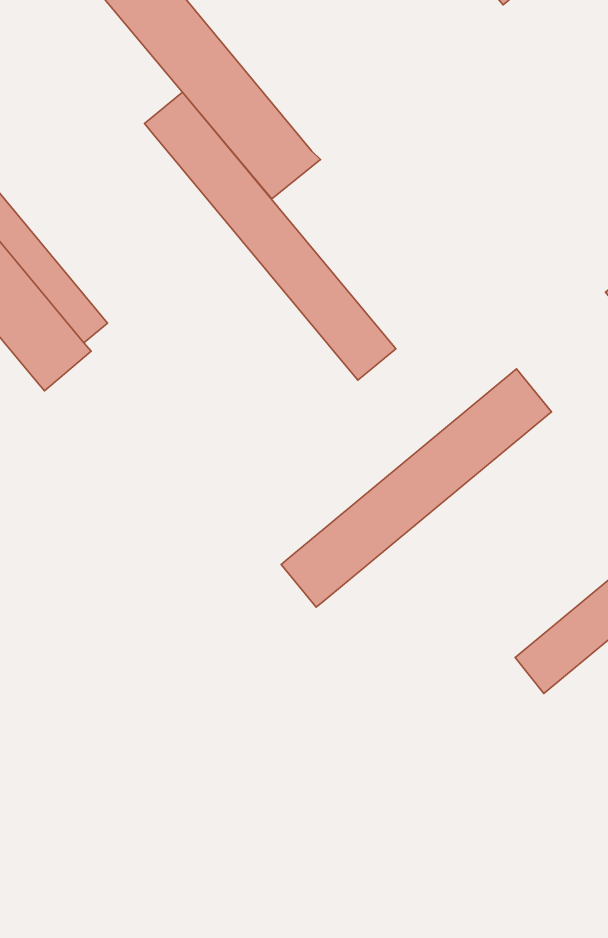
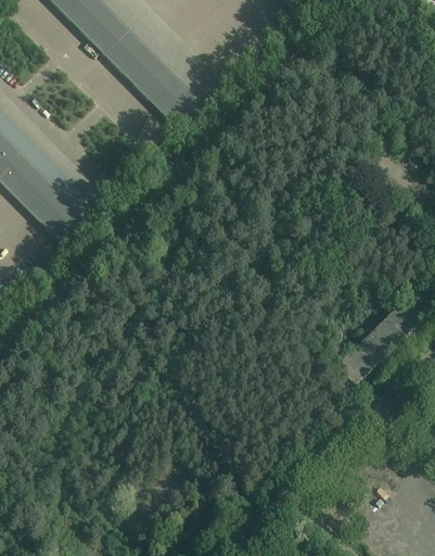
building: [144,92,396,380] -> none
building: [281,369,551,607] -> none

